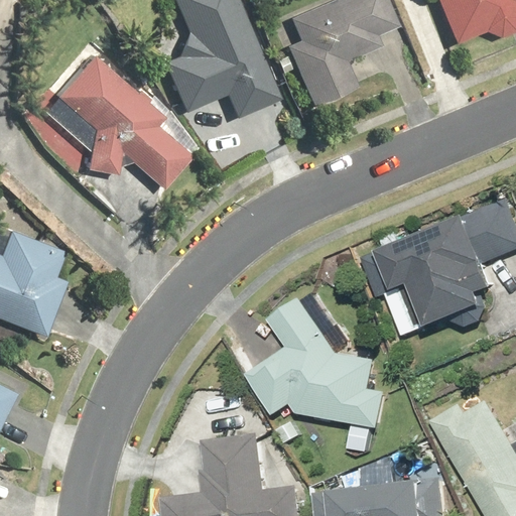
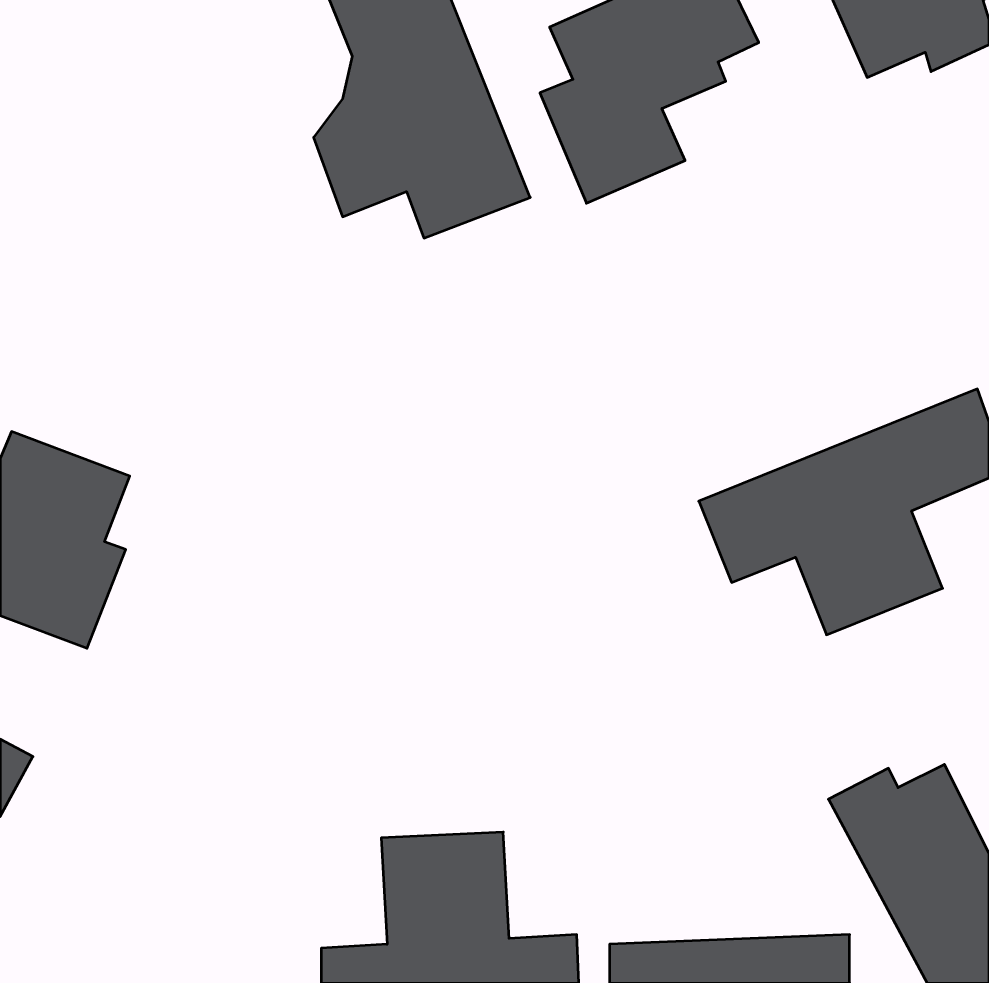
building: [44,48,188,191] -> none
building: [248,294,387,430] -> none

